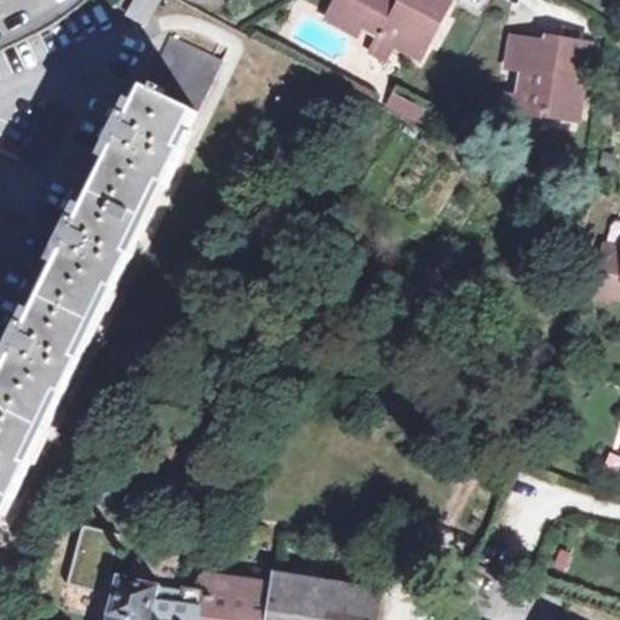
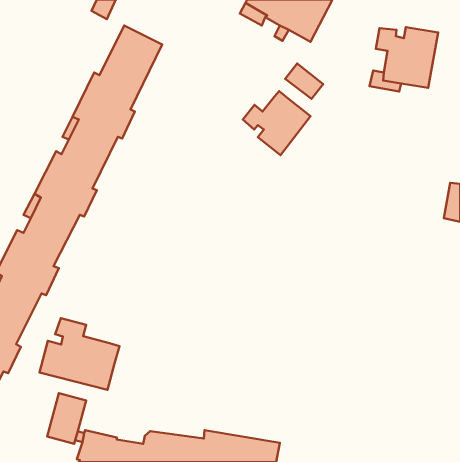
building: none -> [243,91,310,155]
building: none -> [40,318,119,390]

